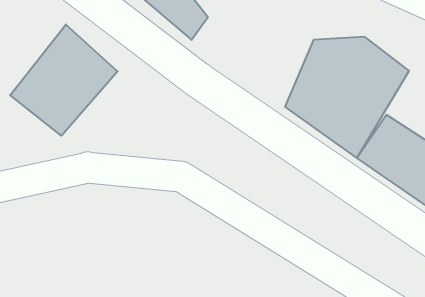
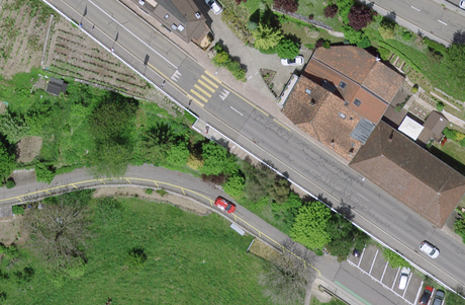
building: [10,24,118,136] -> none

